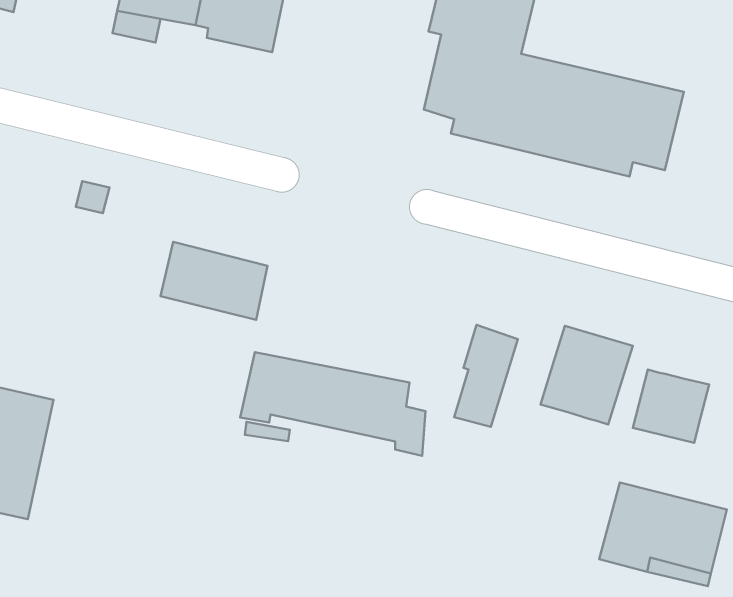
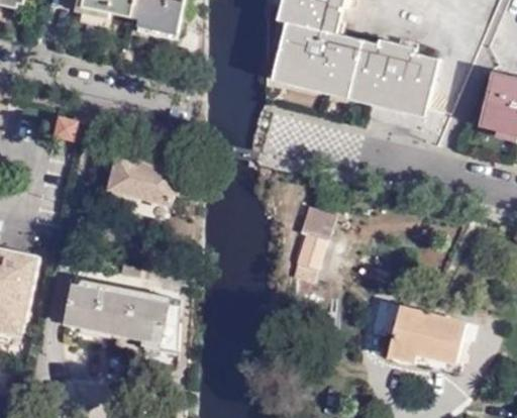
building: [540,326,633,424] -> none
building: [240,352,425,456] -> [61,282,178,347]
building: [633,370,709,443] -> none

